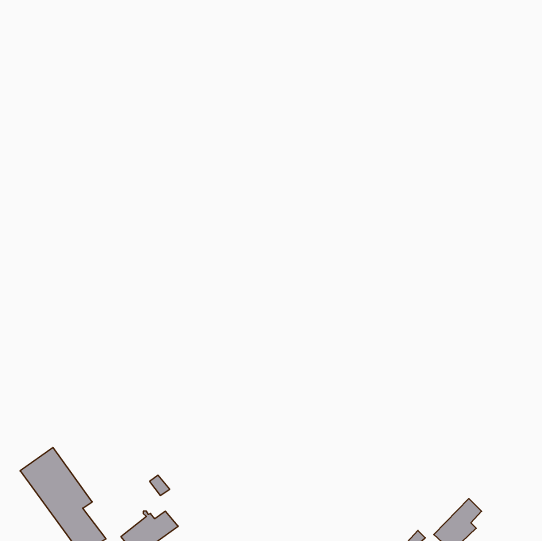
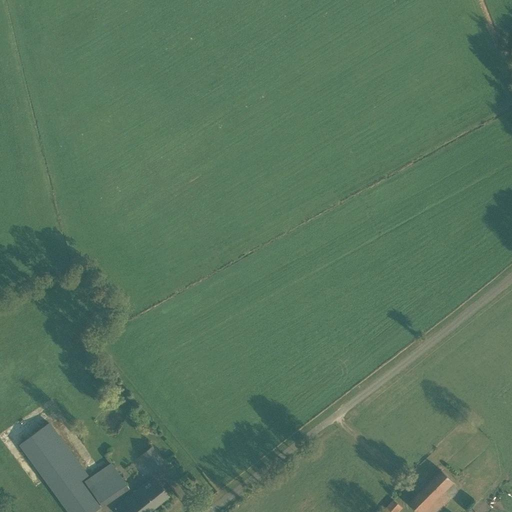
building: none -> [85,464,128,506]

